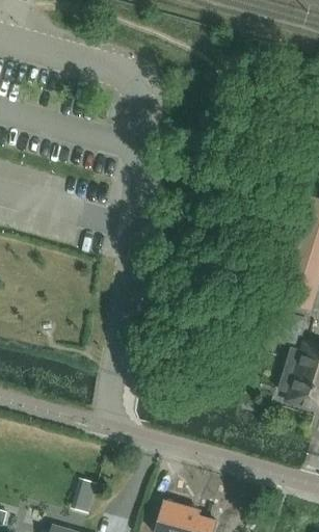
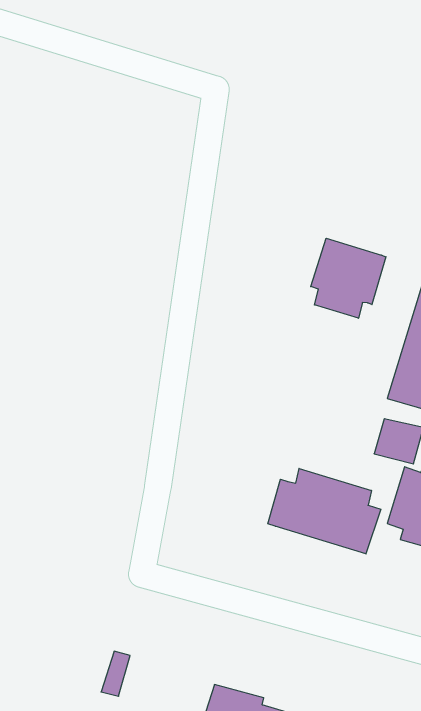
building: none -> [311,238,386,318]
building: none -> [268,468,381,554]

